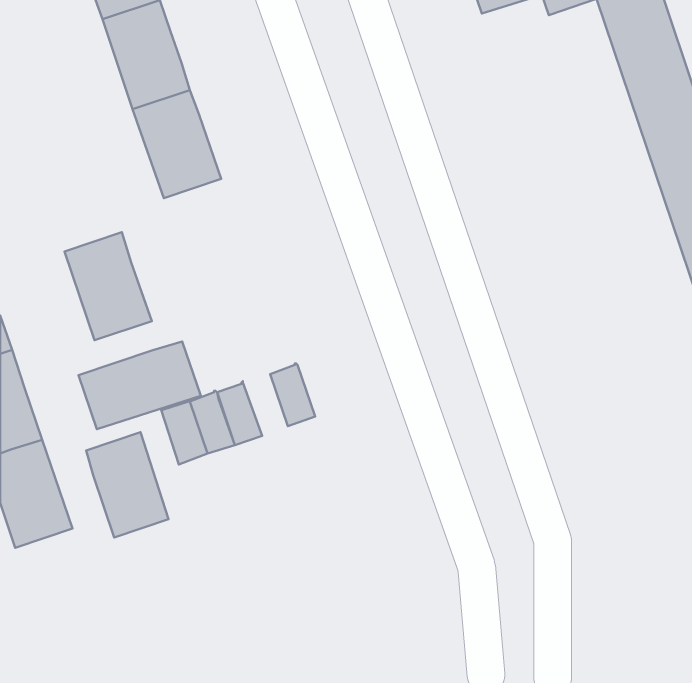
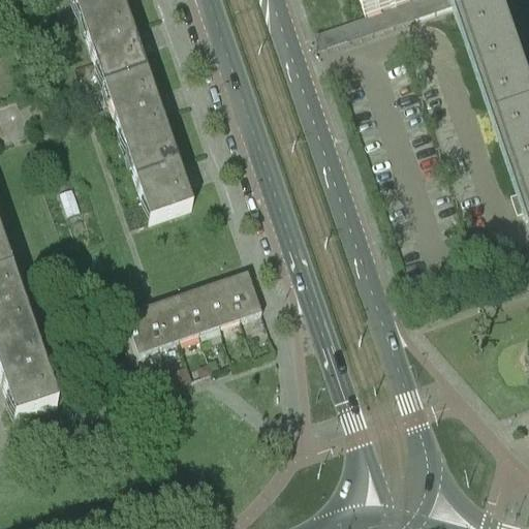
building: [64,232,152,340] -> [128,135,194,217]
building: [78,342,201,429] -> none
building: none -> [229,268,263,315]
building: none -> [188,282,222,330]
building: [86,432,168,538] -> none

